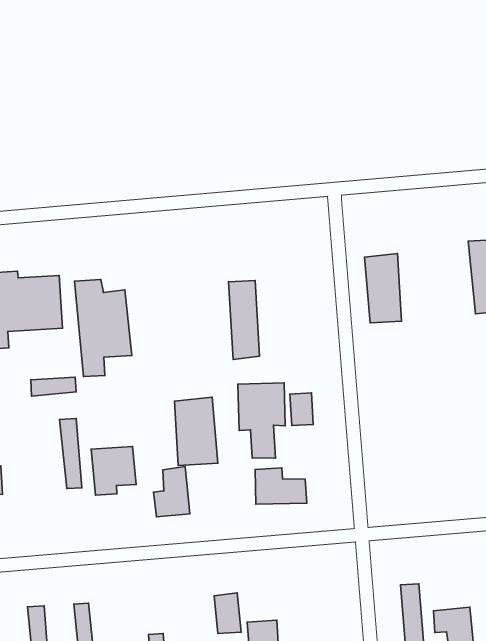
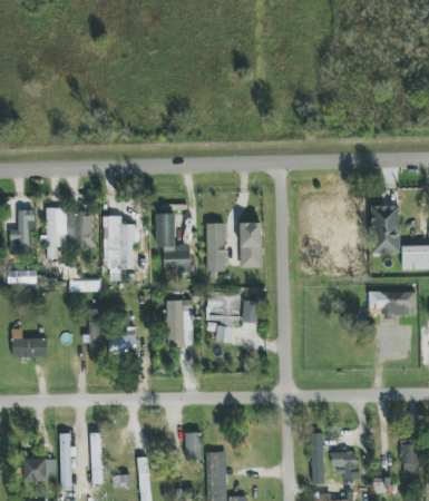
building: [364,253,401,323] -> [240,222,262,267]
building: none -> [156,213,189,268]
building: [153,466,190,517] -> none
building: [255,468,307,504] -> none

